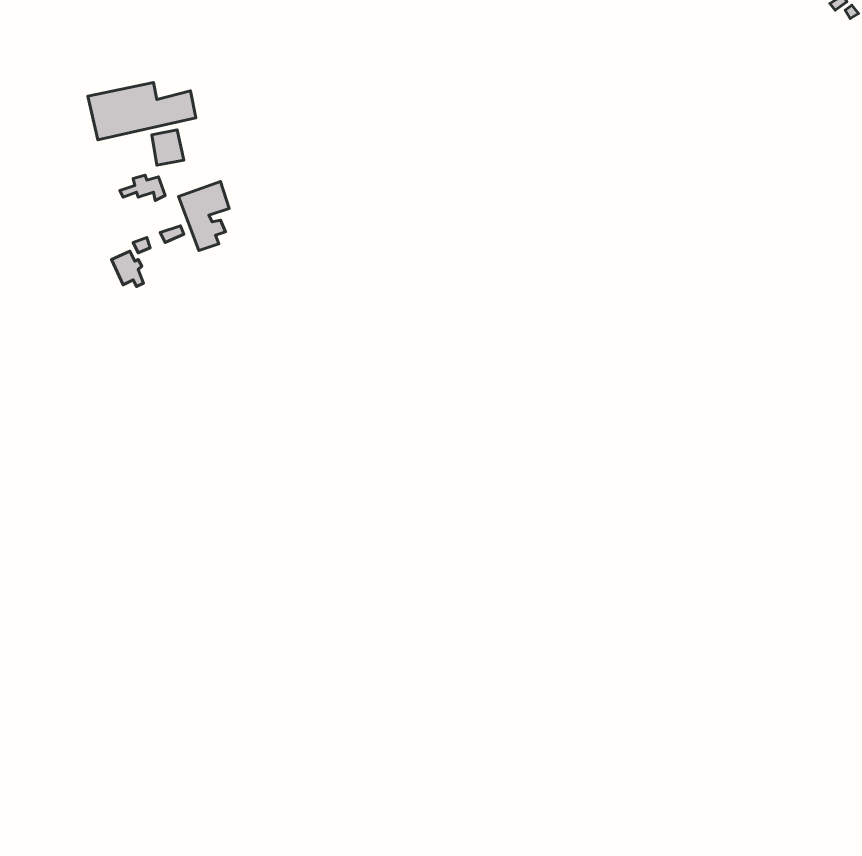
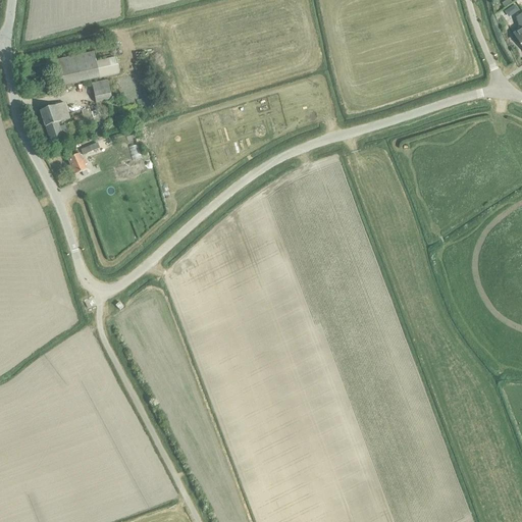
building: [178,181,229,250] -> [39,100,69,142]

